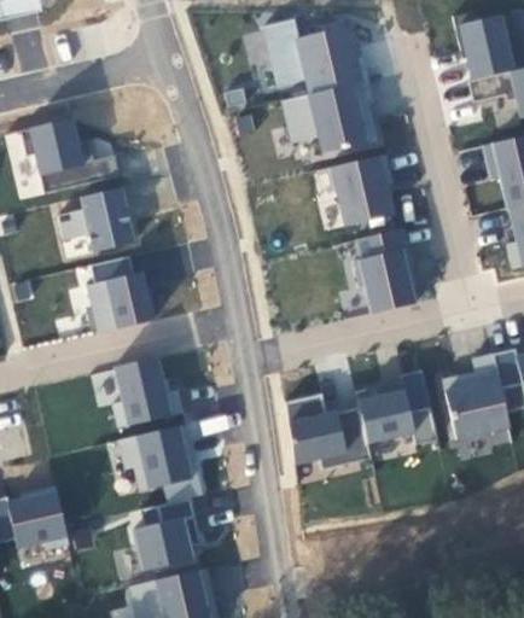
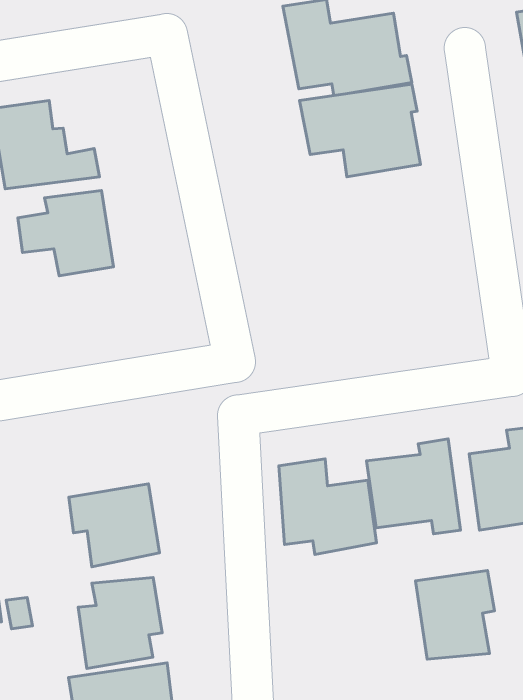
building: [326,154,394,227] -> none
building: [353,228,417,315] -> none
building: [86,256,156,333] -> none
building: [111,354,184,431] -> none
building: none -> [415,570,495,659]

